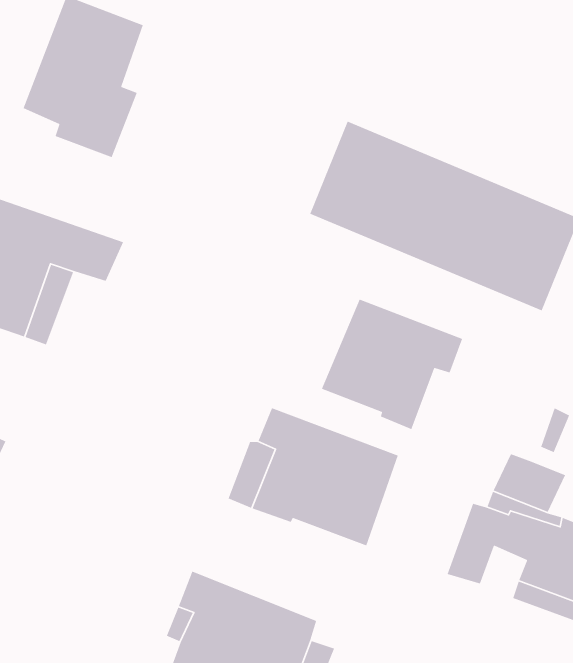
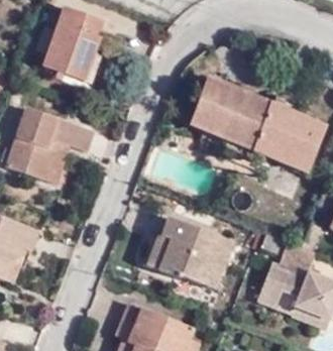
building: [321,298,463,430] -> none

